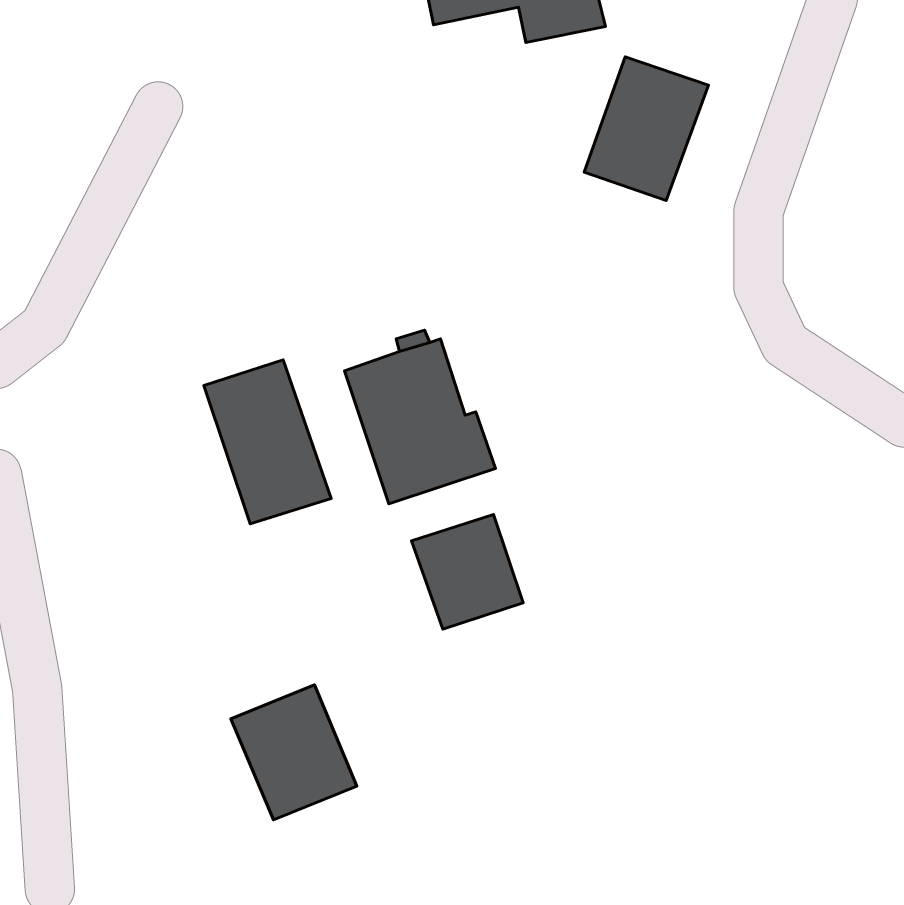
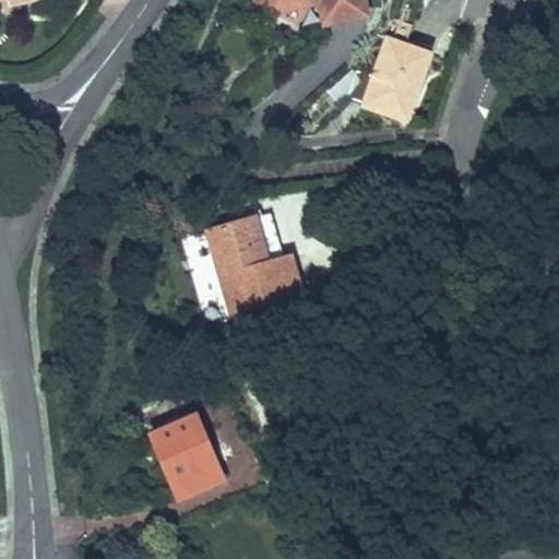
building: [204,360,331,524] -> none
building: [412,514,523,629] -> none

